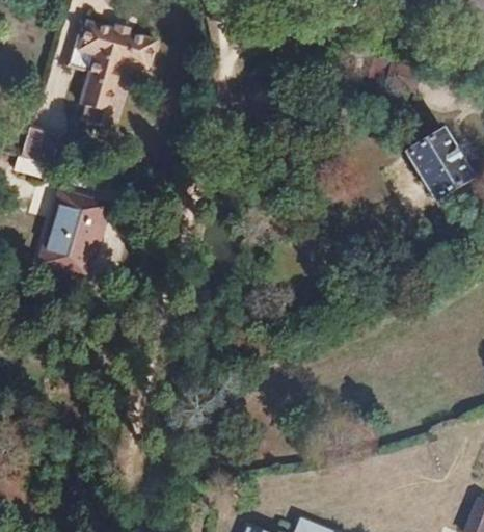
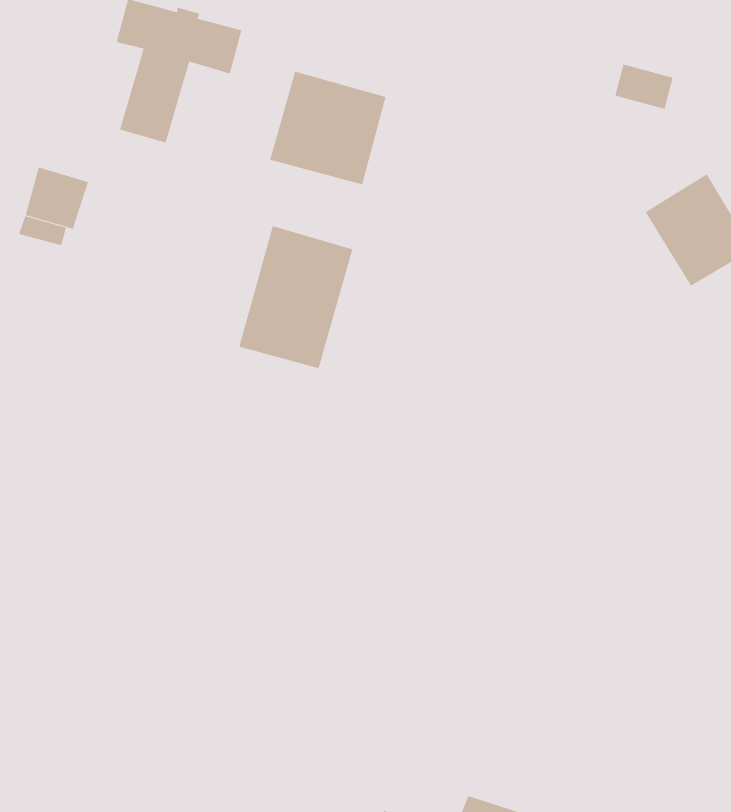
building: none -> [270,71,386,185]
building: [45,190,115,278] -> [238,226,353,369]

